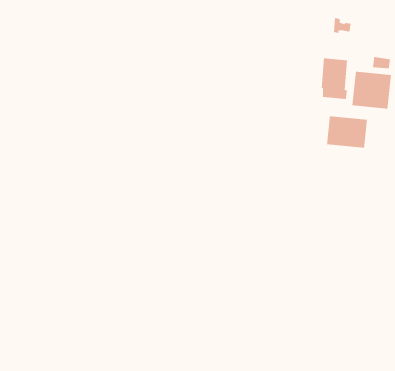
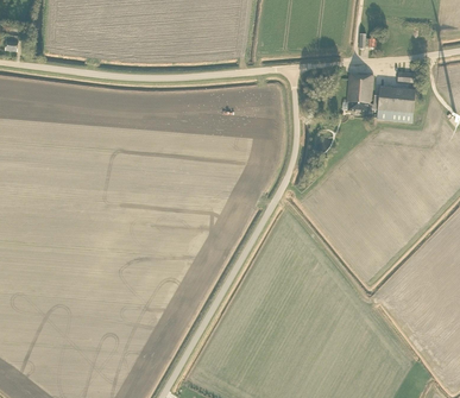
building: [326,116,367,149] -> none

